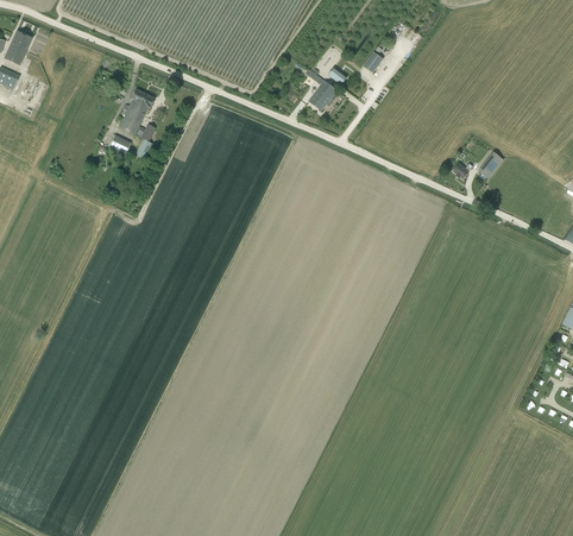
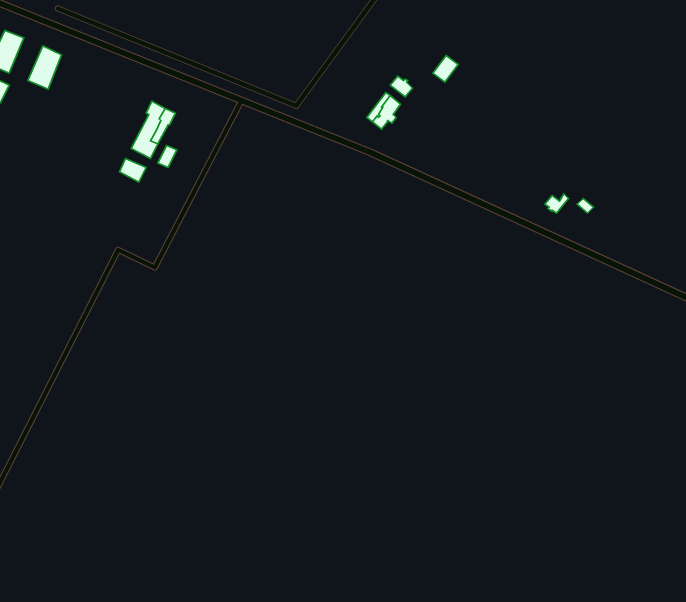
building: none -> [28,46,61,89]

